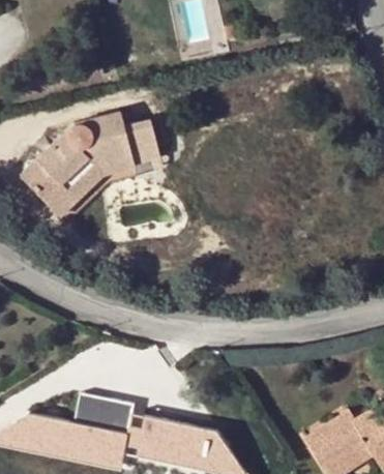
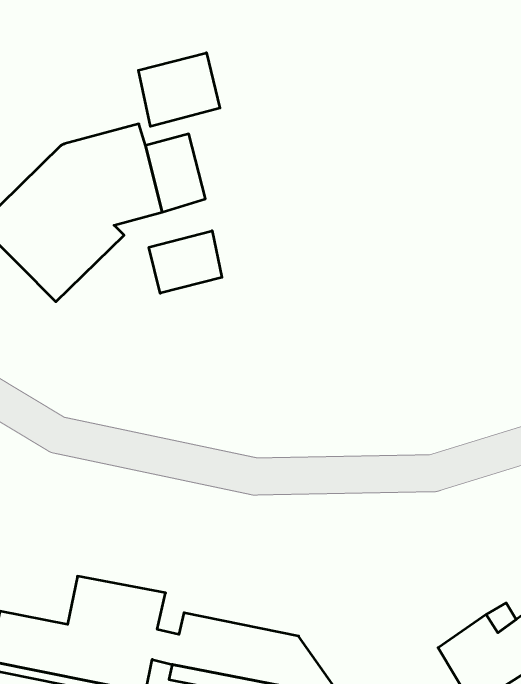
building: none -> [138,53,220,126]
building: none -> [149,231,222,293]

